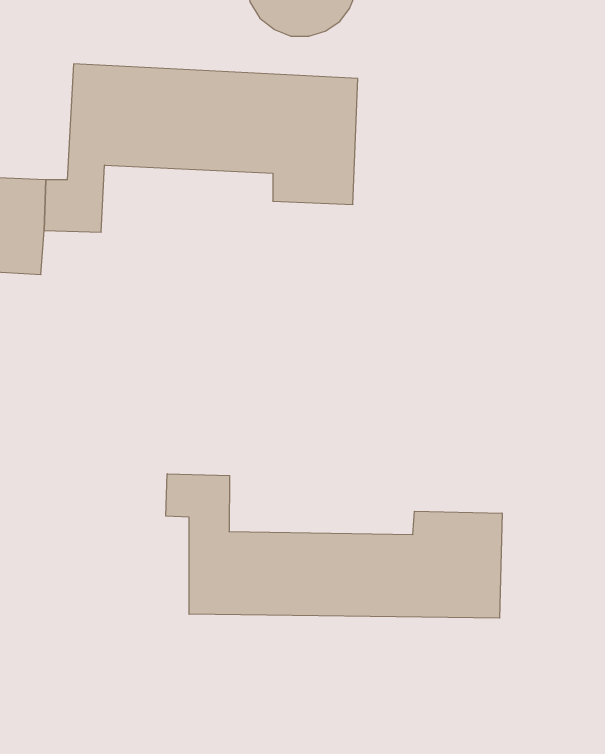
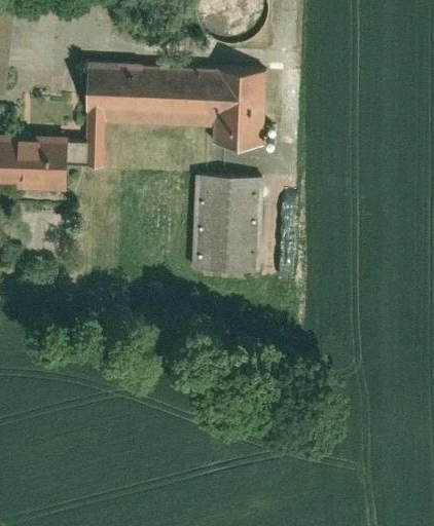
building: none -> [190,177,260,271]
building: [166,474,502,618] -> none

